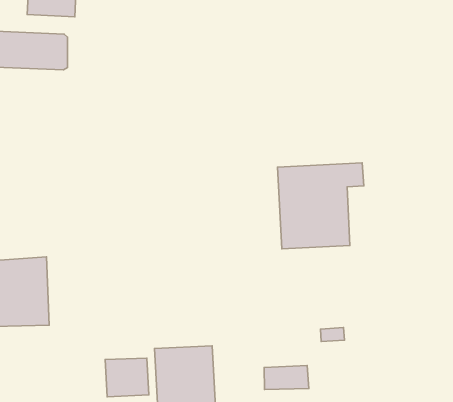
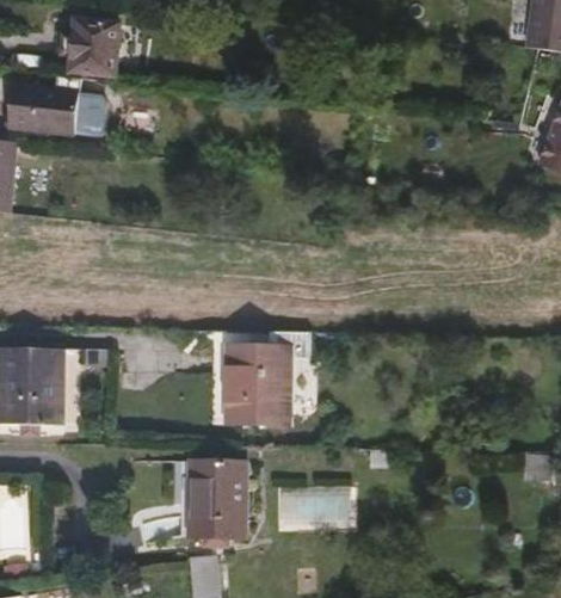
building: [277,163,364,249] -> [212,329,310,424]
building: [105,358,149,397] -> none

